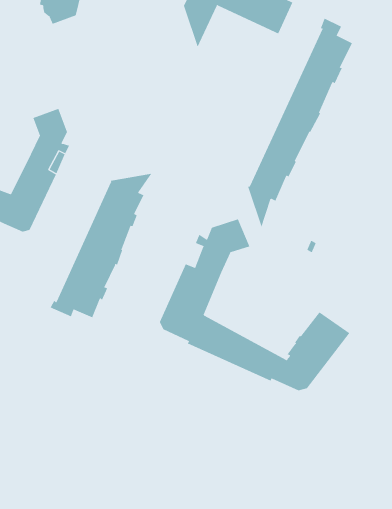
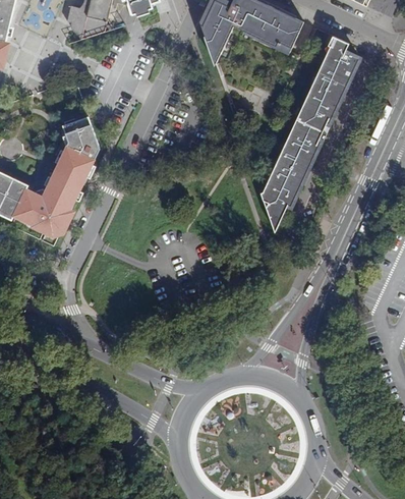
building: [50,173,152,318] -> none
building: [159,219,350,391] -> none

